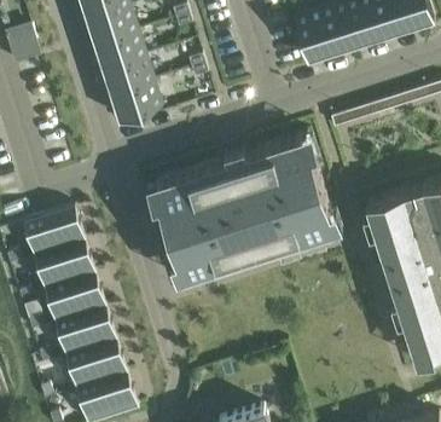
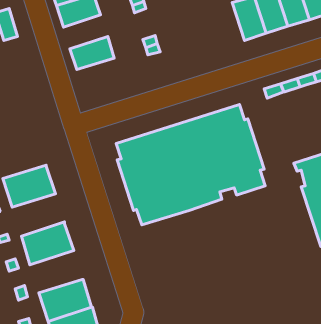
building: [93,31,145,71] -> none
building: [109,82,161,122] -> none
building: [33,242,94,291] -> none
building: [53,308,115,358] -> none

